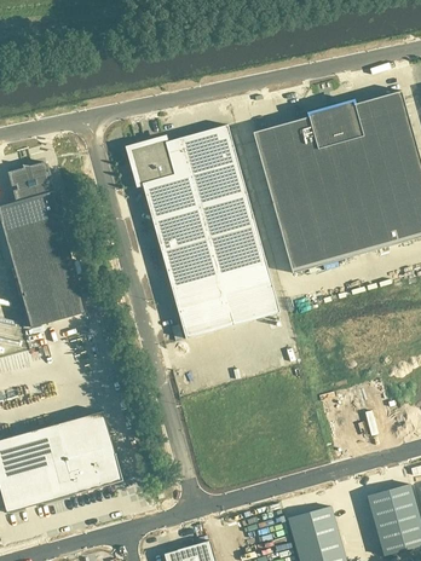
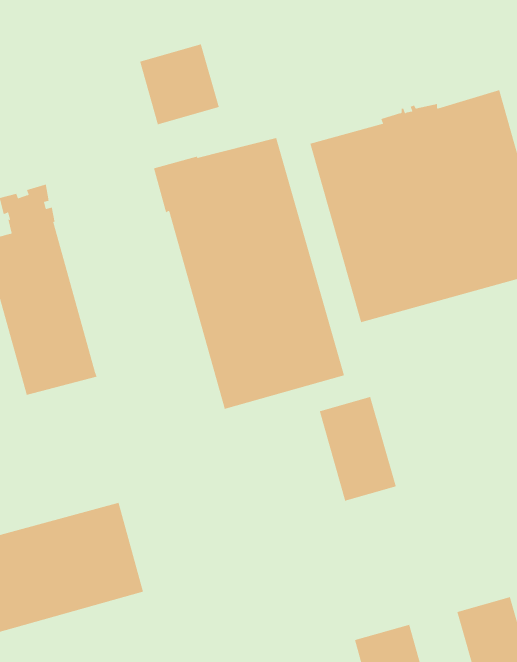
building: none -> [139,43,219,125]
building: none -> [319,396,396,501]

